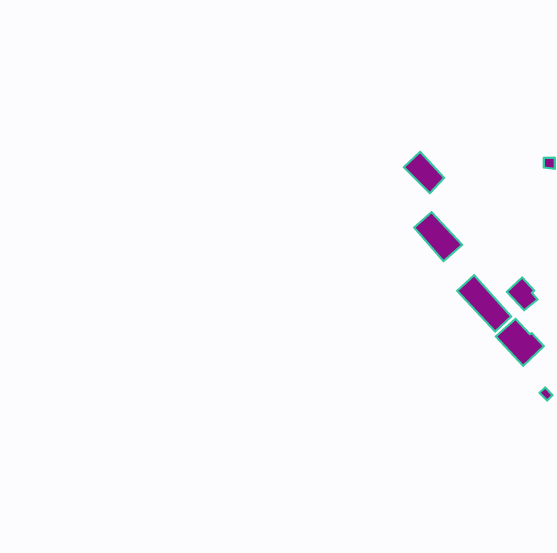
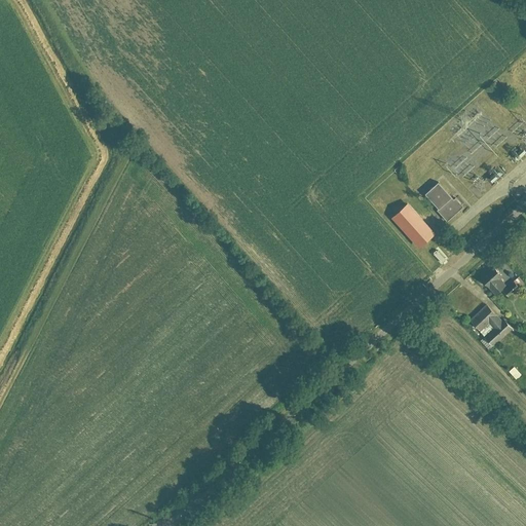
building: [404,152,444,193] -> [423,182,461,221]
building: [457,275,511,332] -> none

